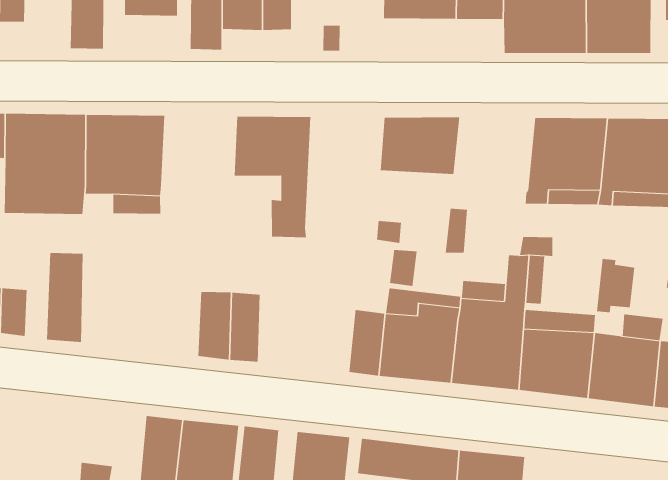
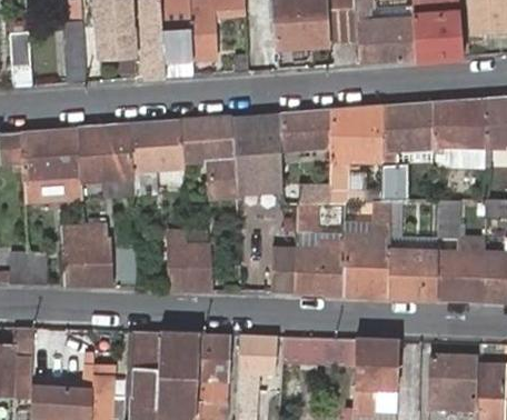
building: none -> [133,121,185,172]
building: none -> [334,107,387,162]
building: none -> [233,114,284,194]
building: none -> [85,222,112,286]

